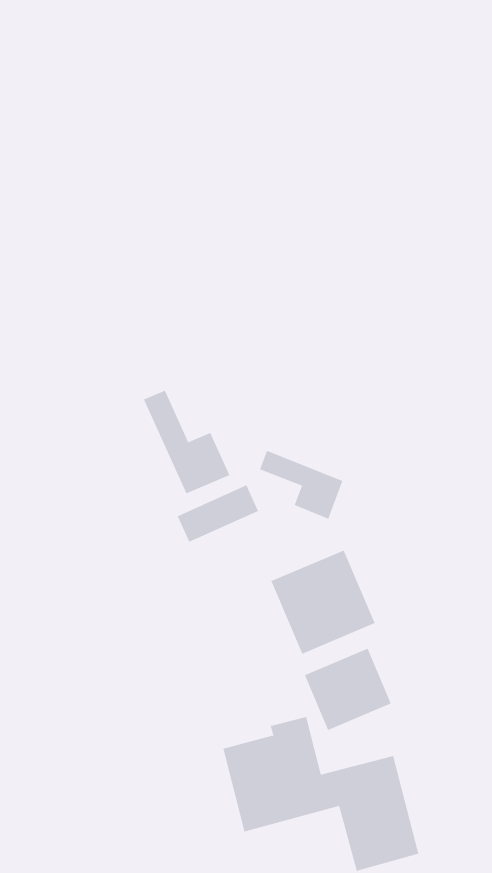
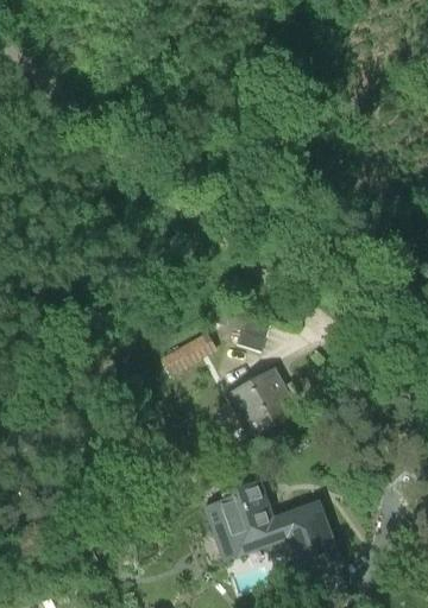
building: [143,390,230,494] -> none
building: [304,648,392,731] -> none

